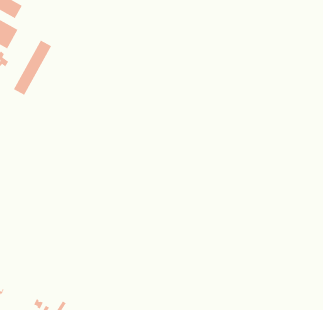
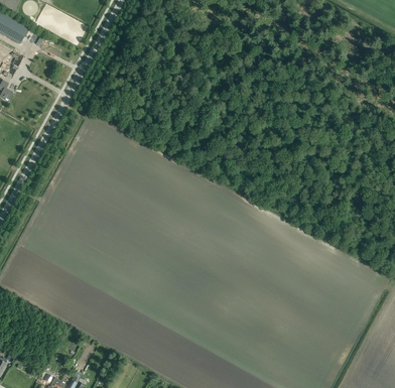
building: [13,39,52,96] -> none

